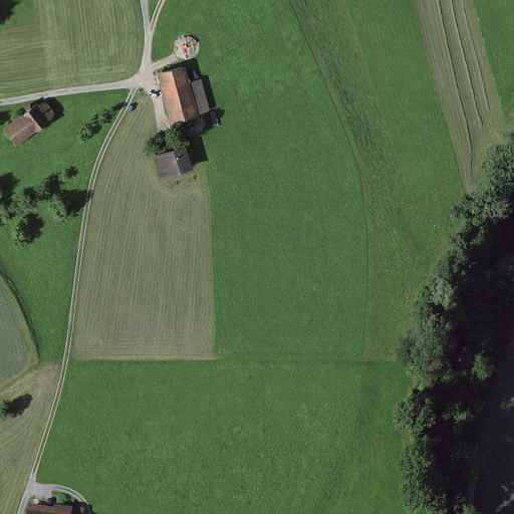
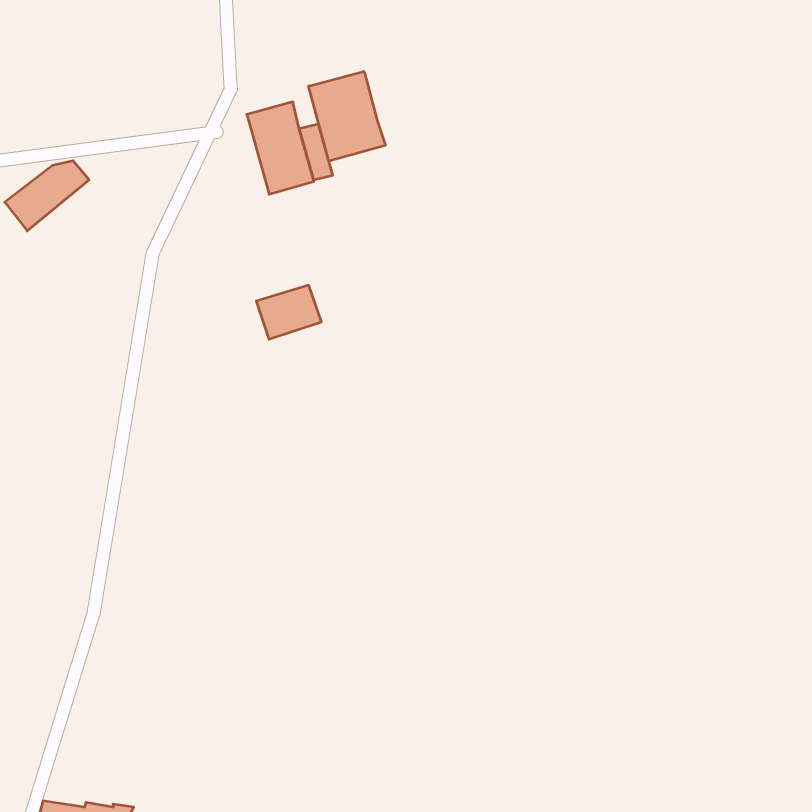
building: none -> [309,71,385,161]
building: [152,146,193,180] -> [256,285,321,339]

